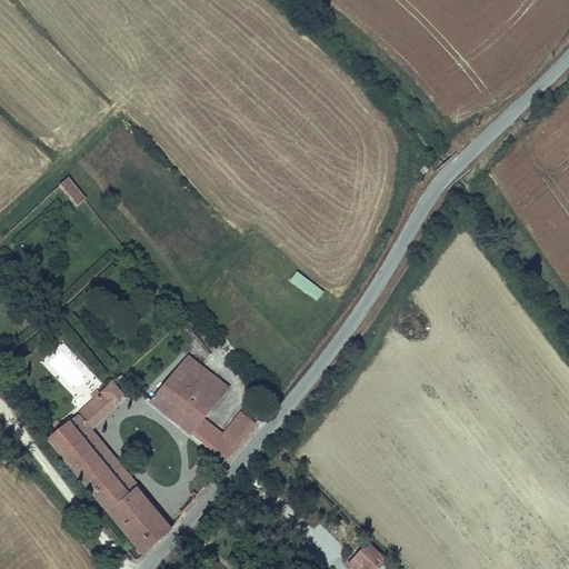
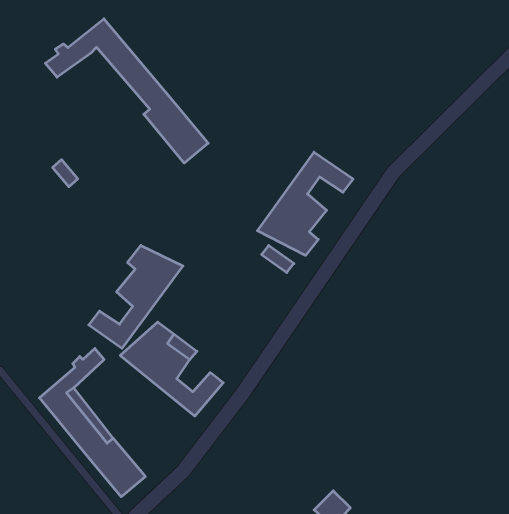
building: none -> [45,19,208,163]
building: none -> [257,152,353,255]
building: none -> [89,245,183,348]

